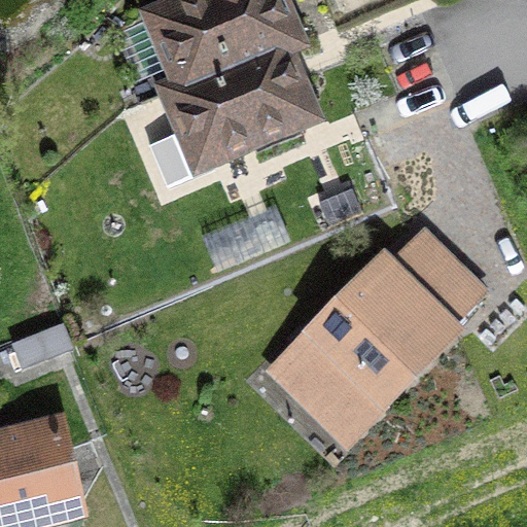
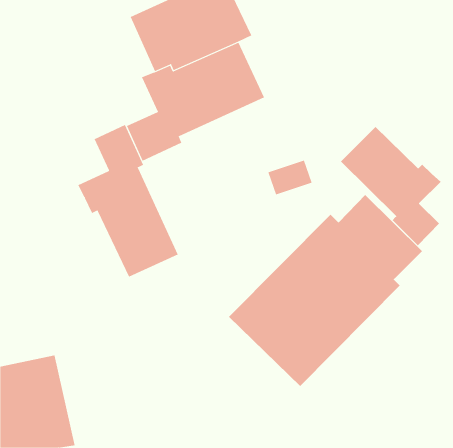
building: none -> [78,124,179,278]
building: none -> [340,126,441,246]

